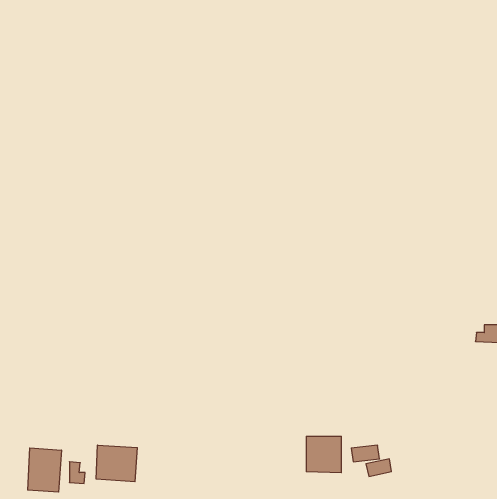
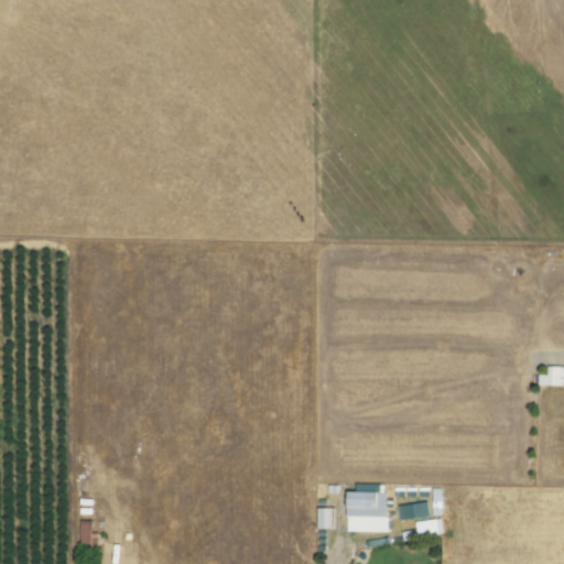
building: [96,445,137,482] -> none
building: [28,448,61,492] -> none

